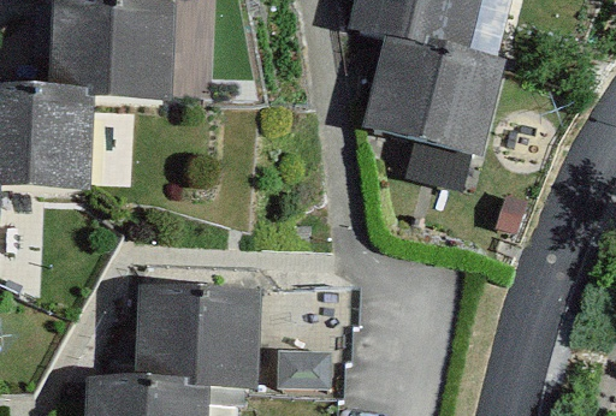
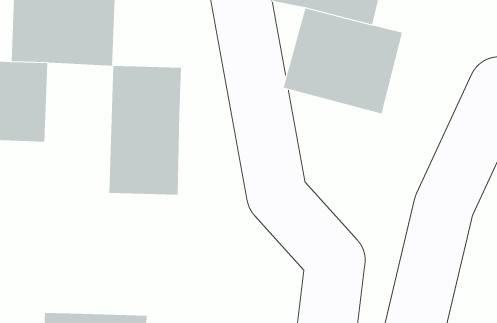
building: none -> [109,65,182,195]
building: [134,291,260,390] -> none

